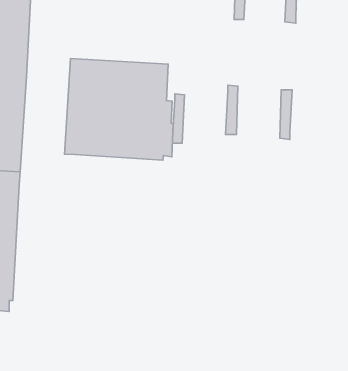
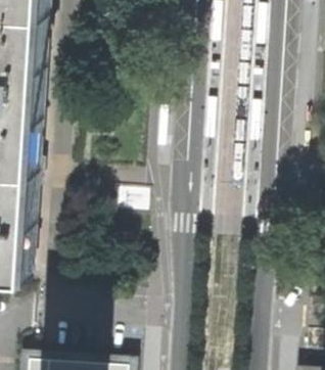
building: [64,59,173,160] -> none

